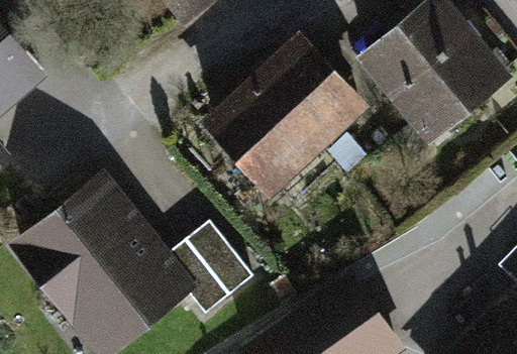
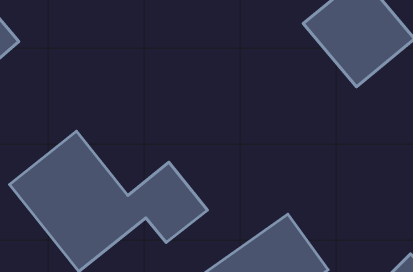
building: [218,49,358,187] -> none

